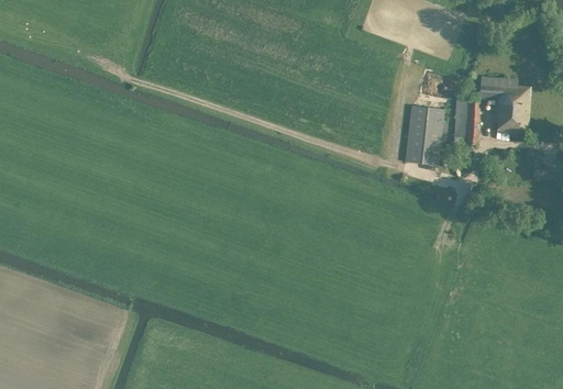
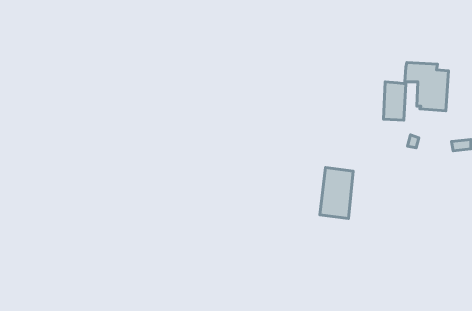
building: [404,105,443,166] -> [320,167,353,219]

